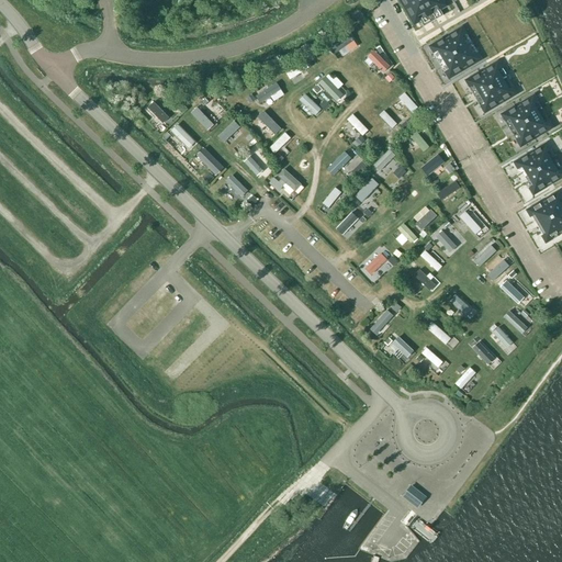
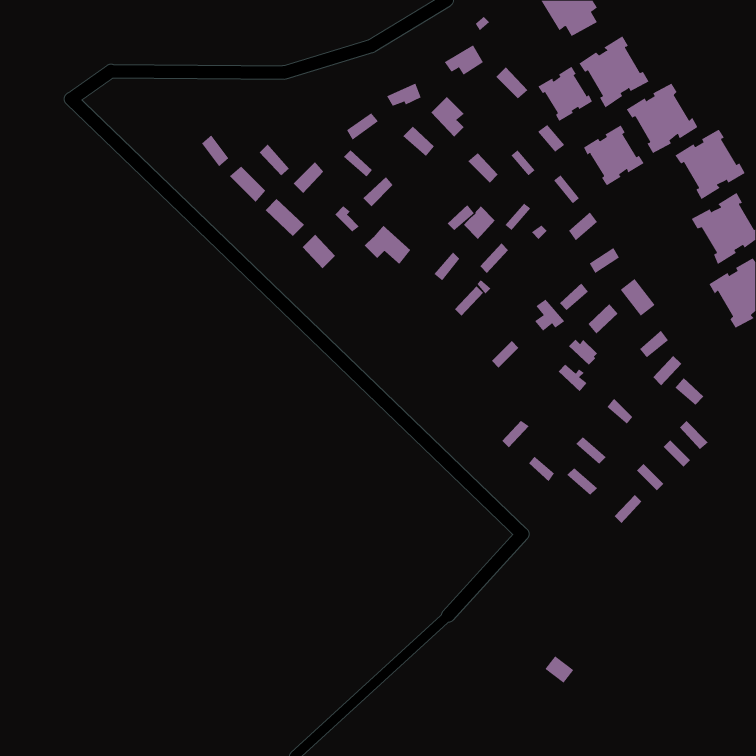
building: none -> [538,66,593,122]
building: none -> [583,124,644,186]

